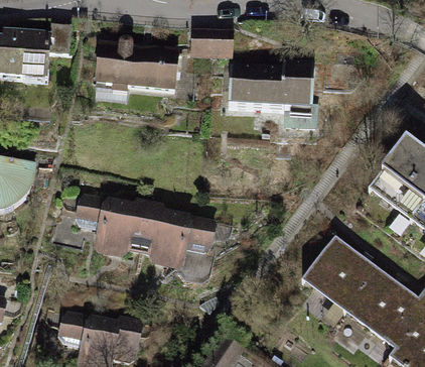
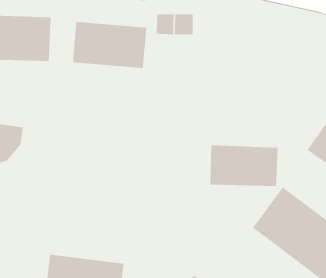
building: [227,63,307,112] -> [210,144,278,187]
building: [75,190,224,269] -> none

